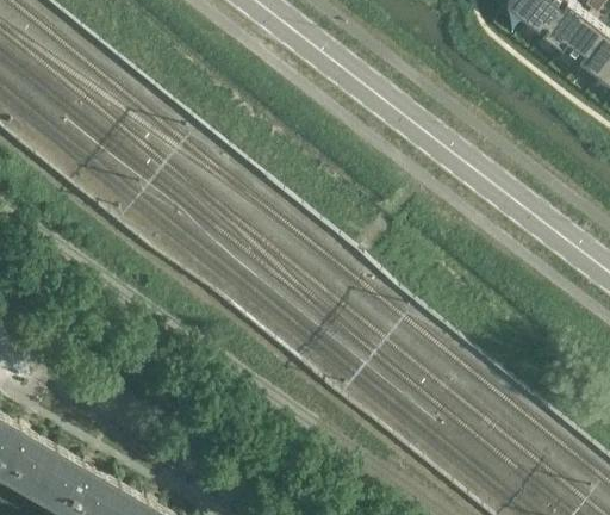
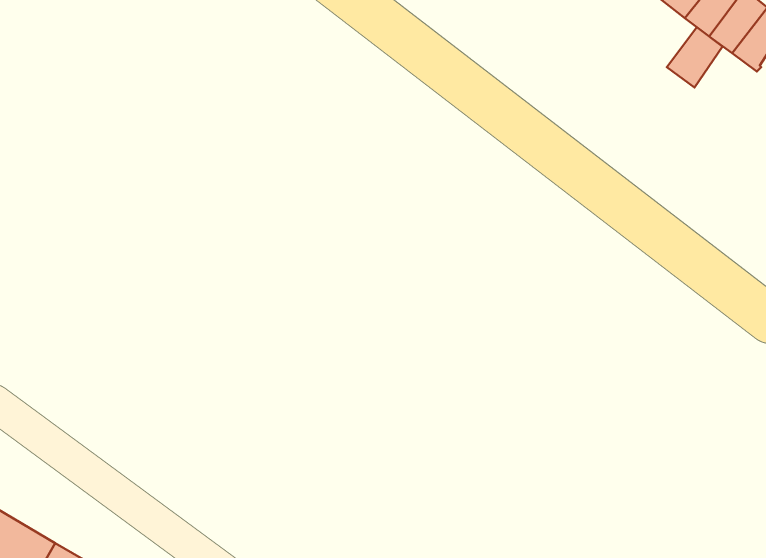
building: none -> [667,27,722,88]

